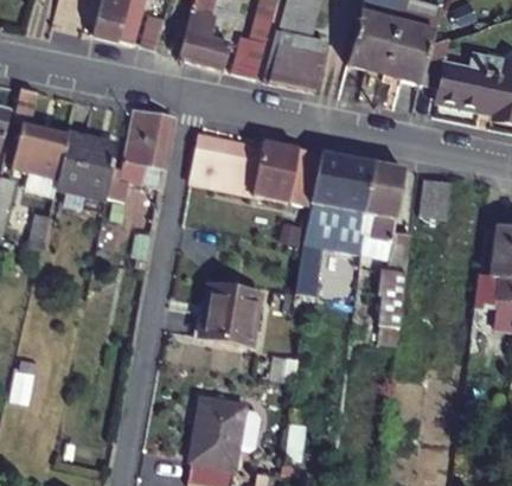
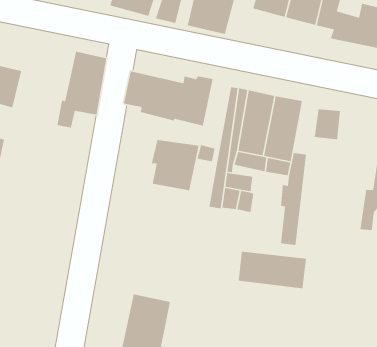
building: [58,135,123,203] -> none
building: [205,284,263,346] -> [151,139,200,191]
building: none -> [238,251,307,289]

